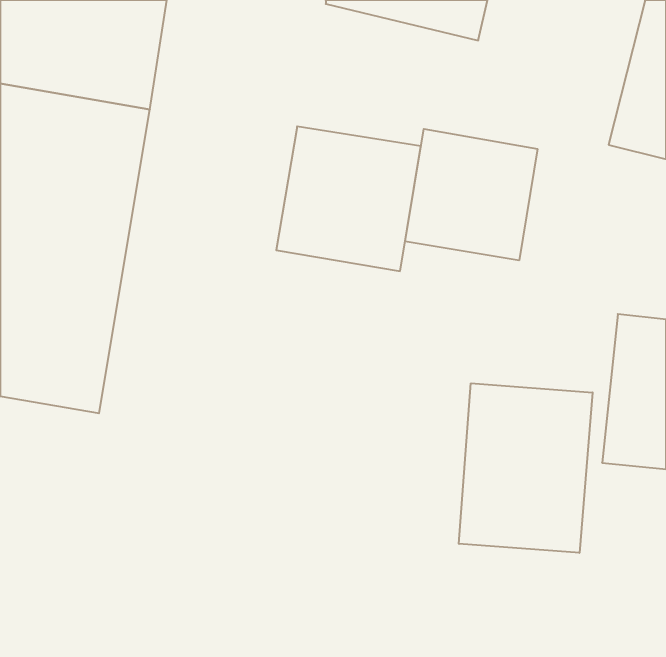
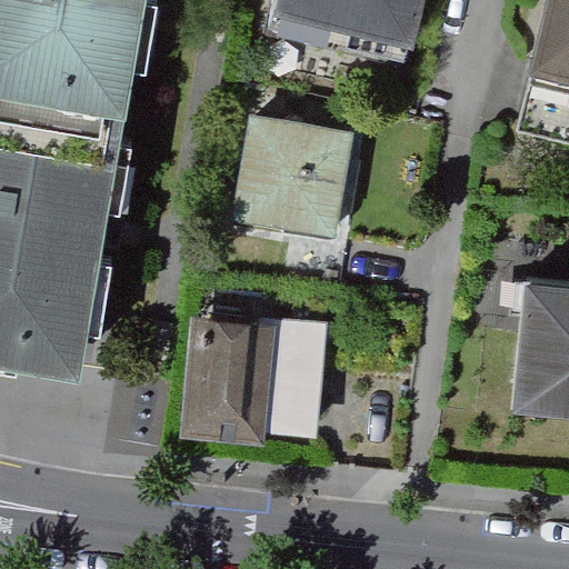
building: [405,129,537,260] -> none
building: none -> [181,316,328,443]
building: [459,383,593,553] -> none

